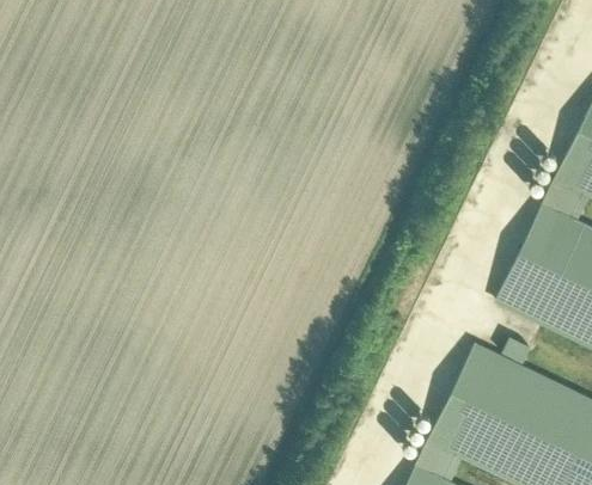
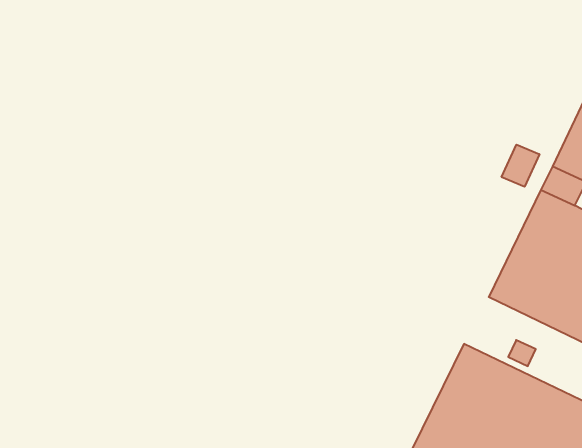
building: none -> [502,145,539,187]

